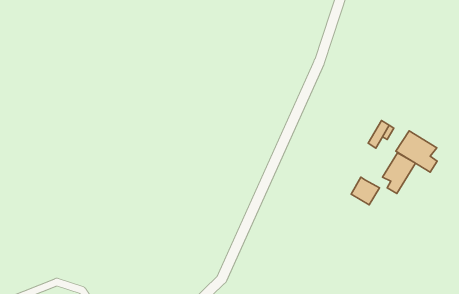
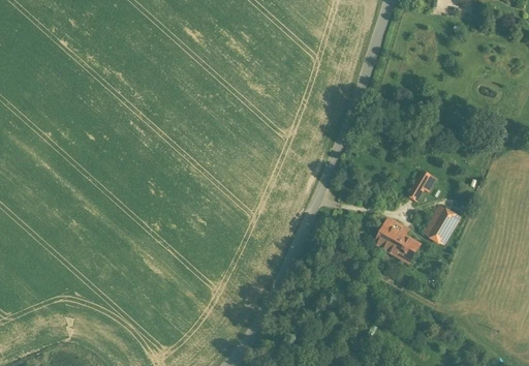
building: [396,131,437,172] -> none
building: none -> [374,217,408,250]

